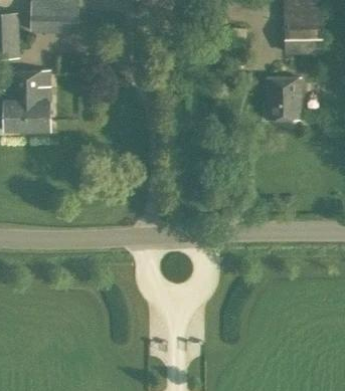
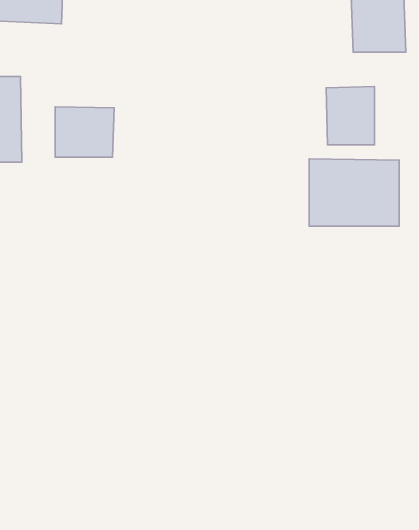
building: none -> [55,107,114,157]
building: none -> [309,159,399,226]

